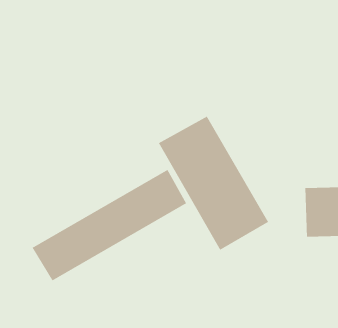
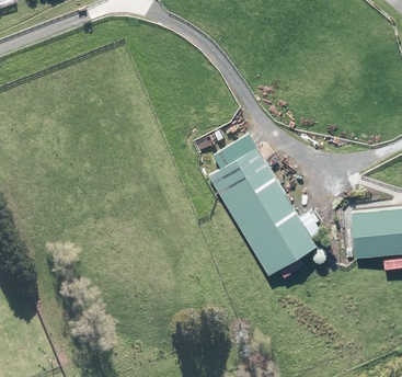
building: [32,169,187,281] -> none

